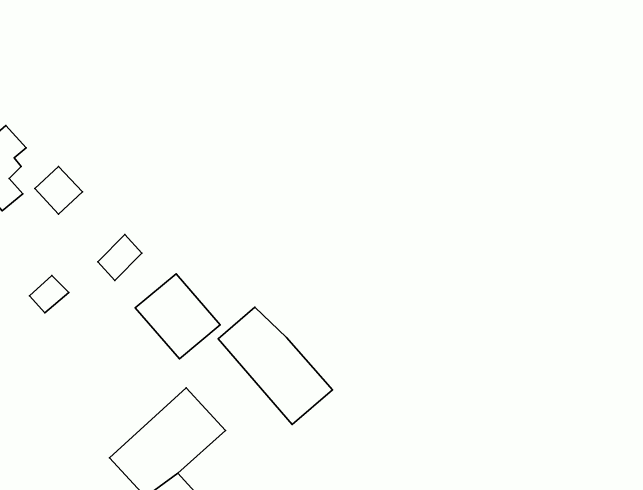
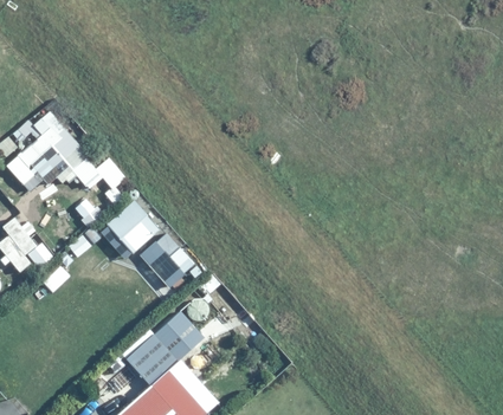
building: [218,307,333,425] -> none

